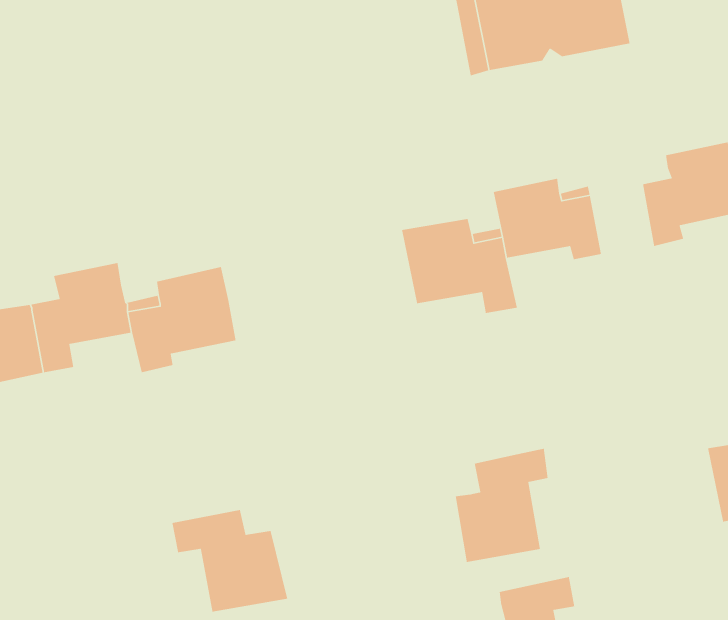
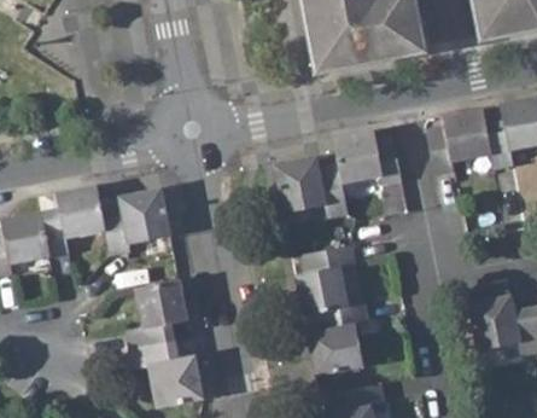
building: none -> [298,246,357,317]
building: none -> [128,280,188,350]

